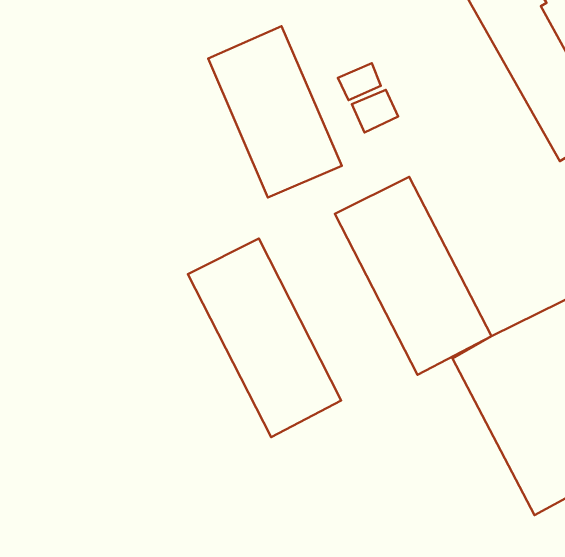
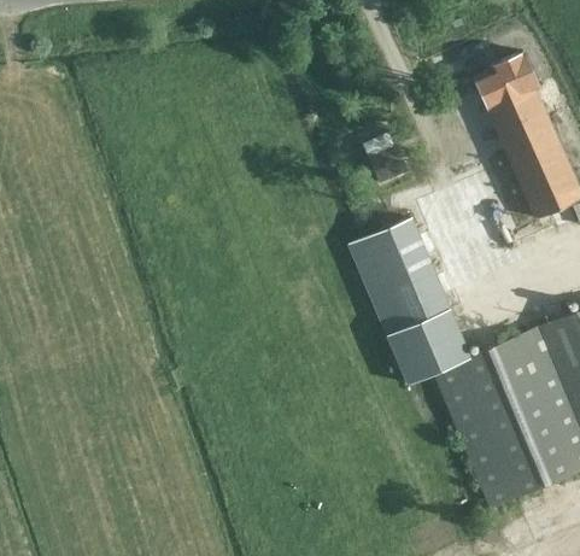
building: [208,26,342,197] -> none
building: [188,239,341,437] -> none

